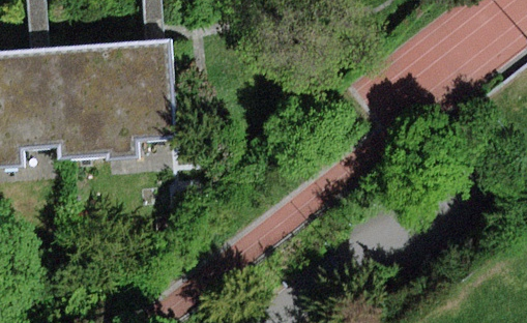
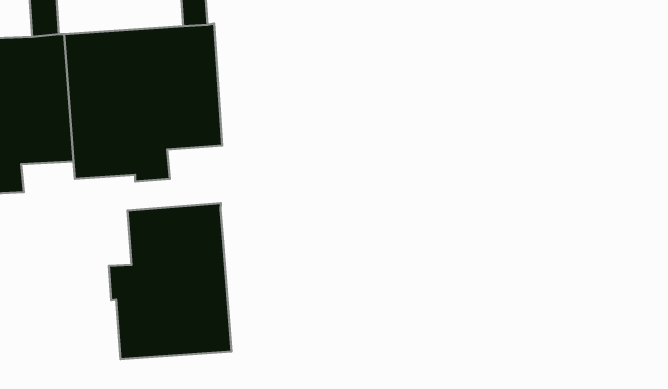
building: none -> [109,203,231,359]

